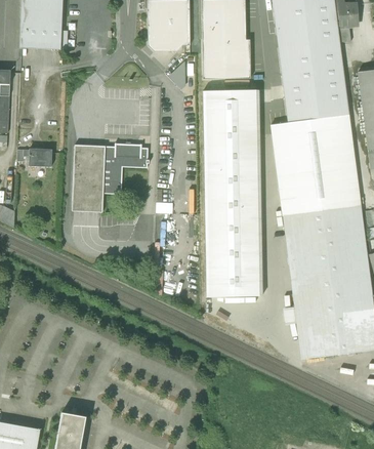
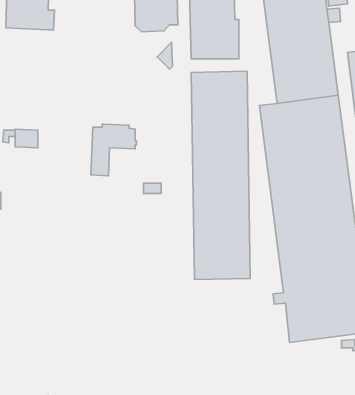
building: [72,145,106,211] -> none

